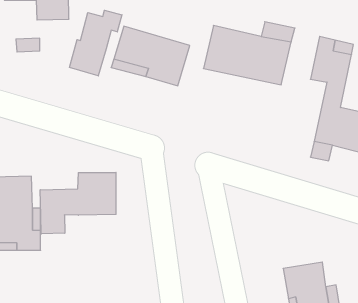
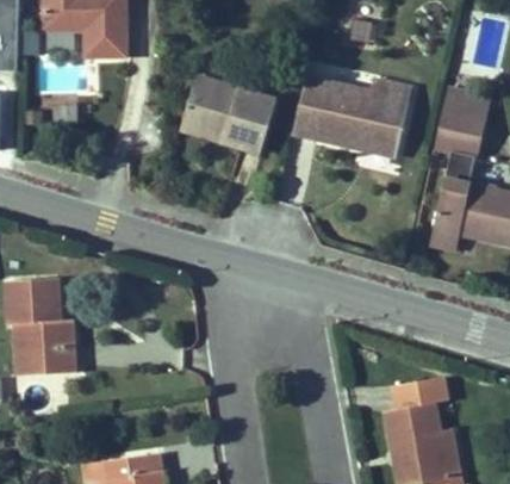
building: [69,10,122,76] -> none
building: [40,172,116,234] -> none

